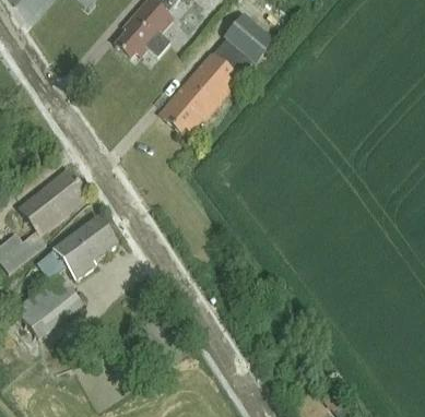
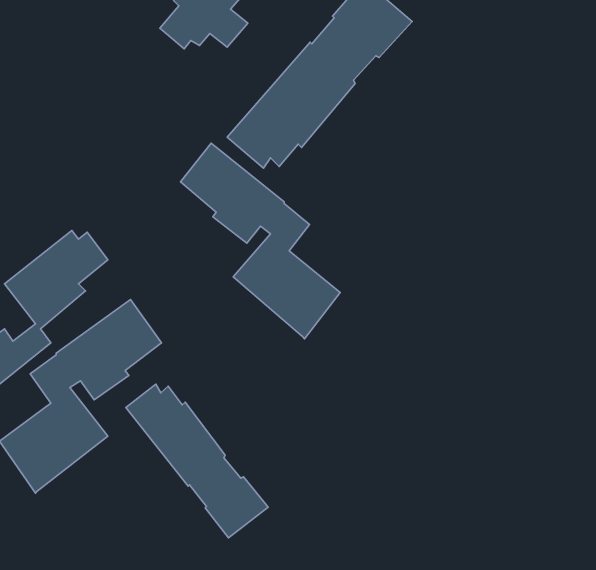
building: none -> [181,143,340,339]
building: none -> [126,384,268,538]

